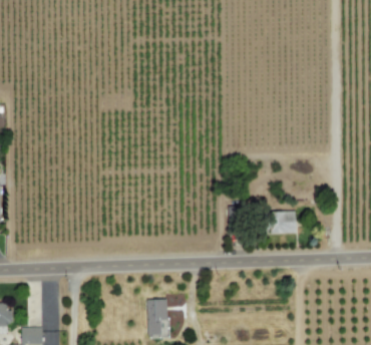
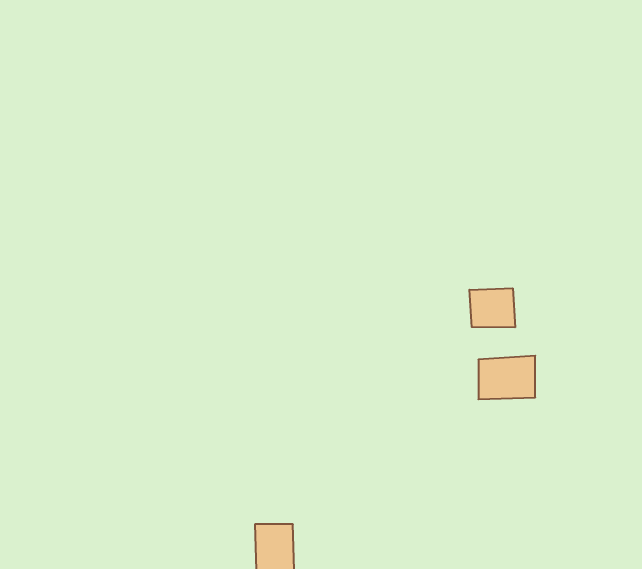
building: none -> [469,288,515,327]

